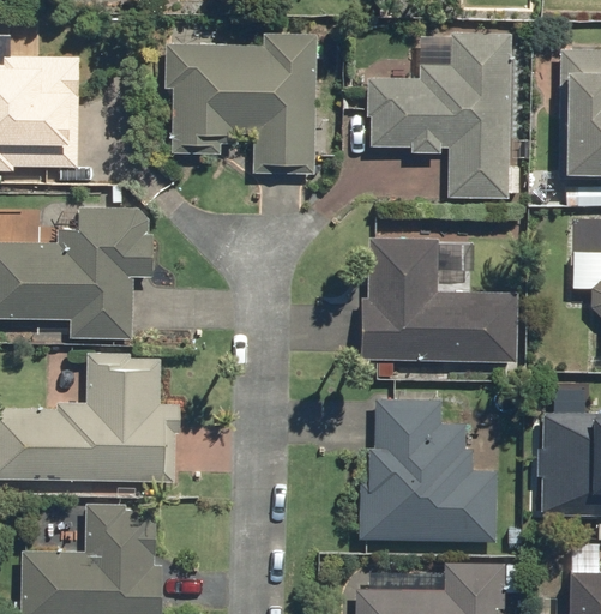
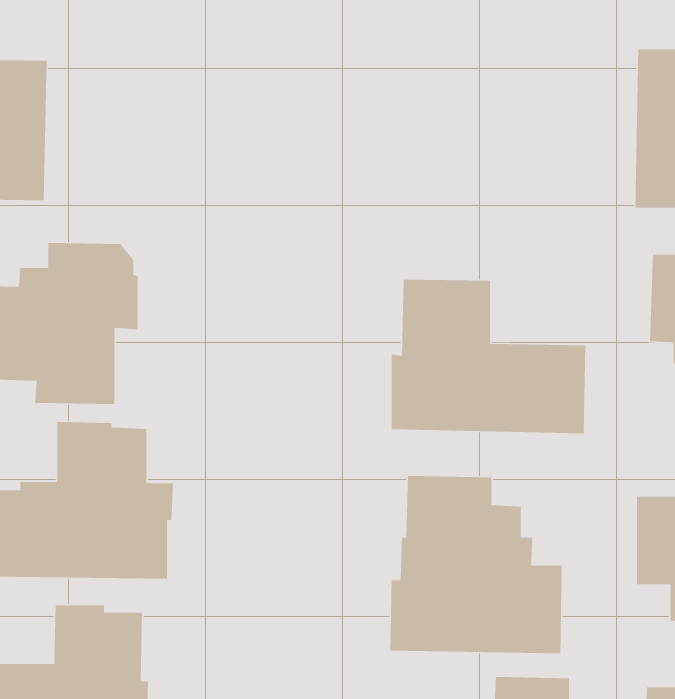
building: [366,30,511,199] -> none
building: [162,31,318,175] -> none

